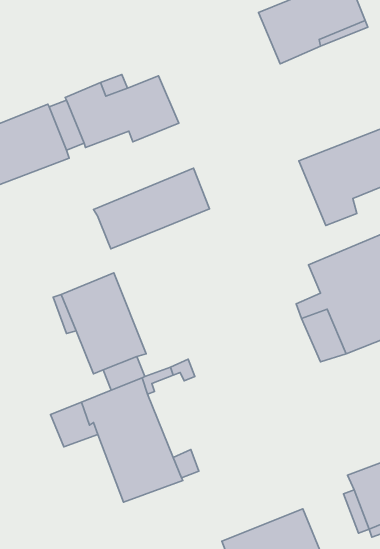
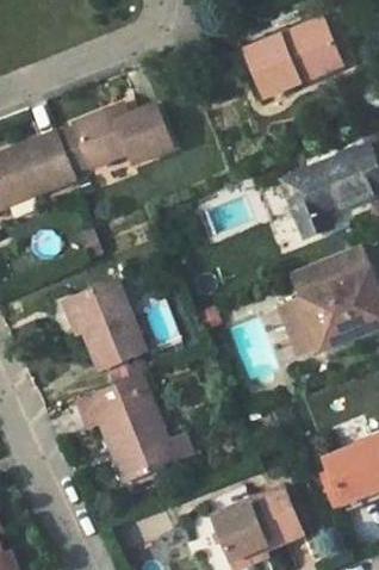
building: [93,168,210,249] -> none

